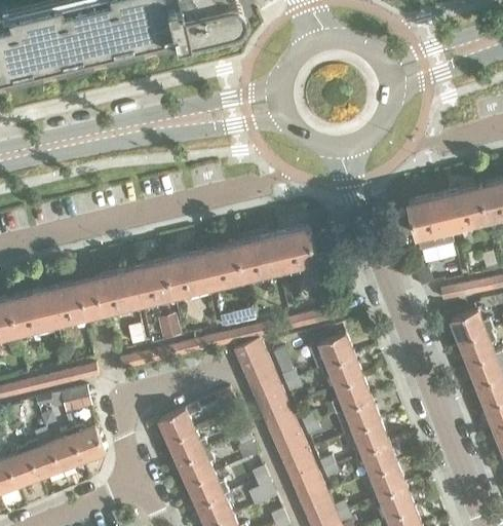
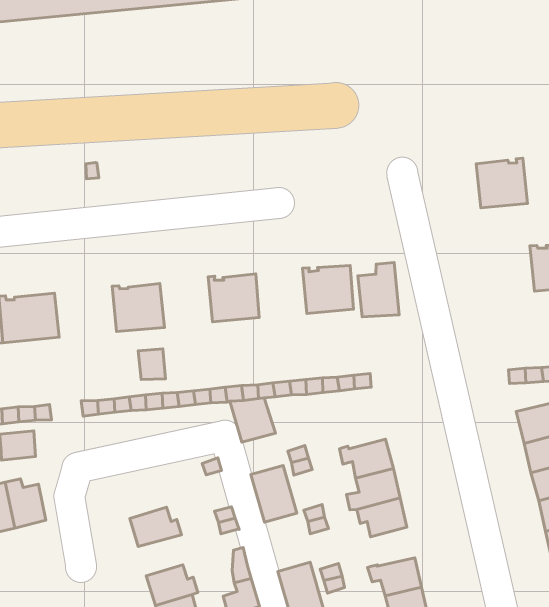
building: [409,194,452,236] -> [476,158,527,208]
building: none -> [358,262,399,317]
building: [238,235,281,277] -> none
building: [166,252,210,295] -> none
building: [87,269,139,313] -> none
building: [318,334,354,368] -> none
building: [245,364,279,398] -> none
building: [158,404,200,444] -> none
building: [352,421,389,455] -> none
building: [271,422,310,468] -> none
building: [178,451,214,486] -> none

